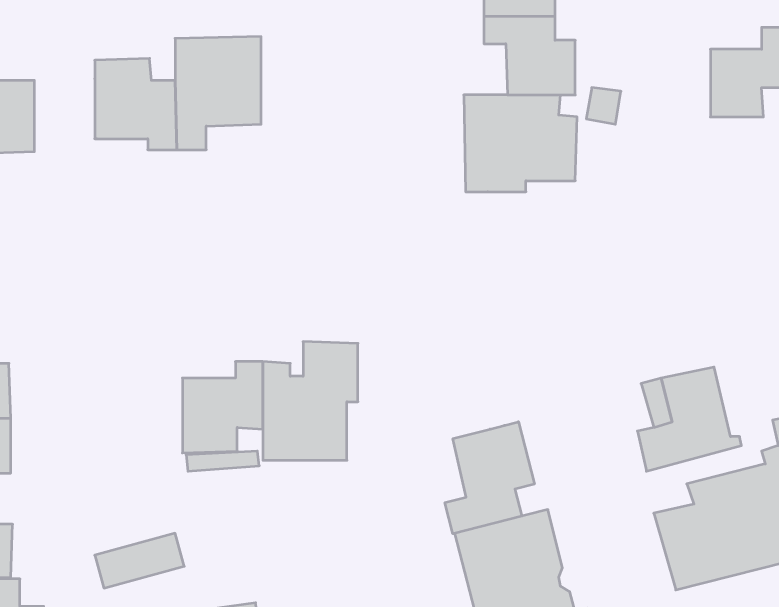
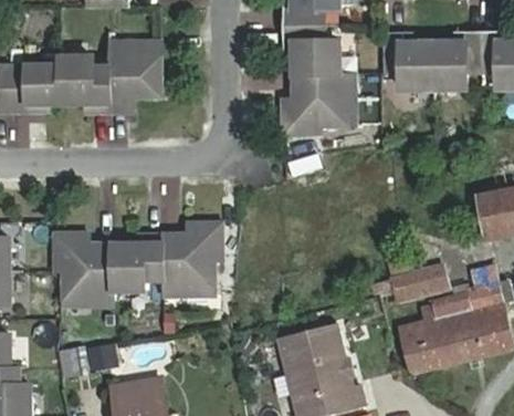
building: none -> [382,32,432,87]
building: none -> [23,64,61,108]
building: none -> [55,233,113,305]
building: [445,422,534,534] -> none

